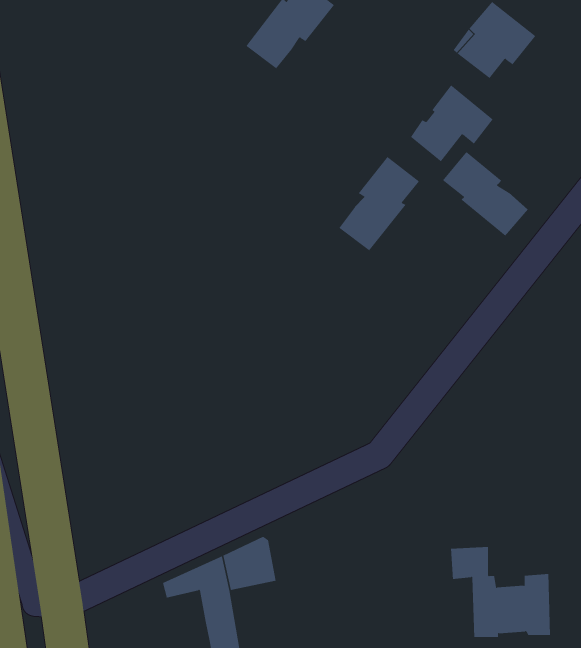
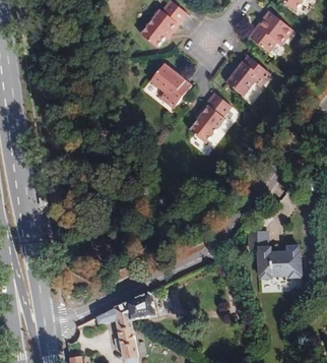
building: none -> [150,64,191,108]
building: [442,151,529,236] -> none
building: [450,546,551,638] -> [247,231,300,279]

